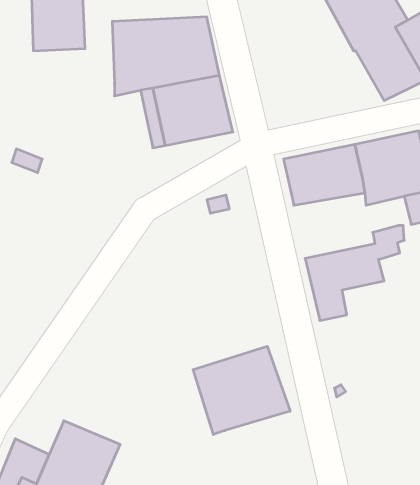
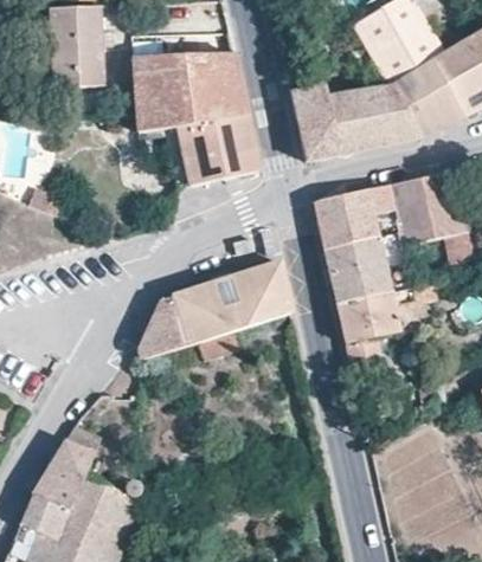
building: none -> [290,83,420,160]
building: none -> [326,233,411,302]
building: none -> [139,258,294,358]
building: [193,346,290,435] -> none
building: none -> [33,422,101,508]

